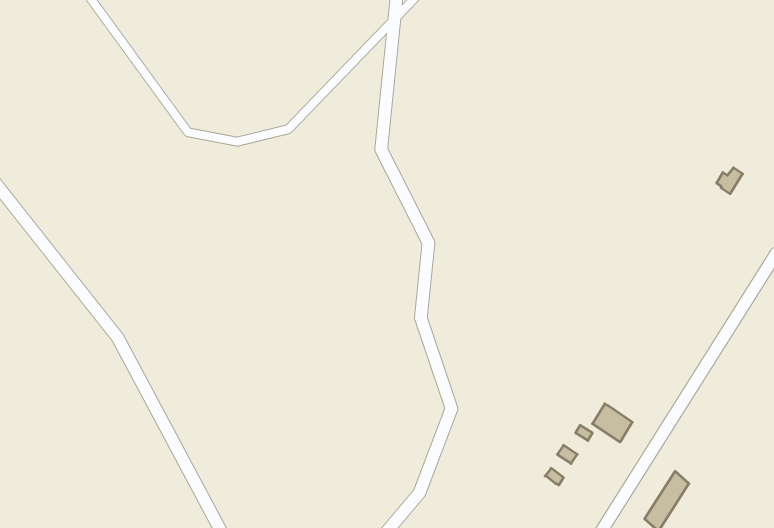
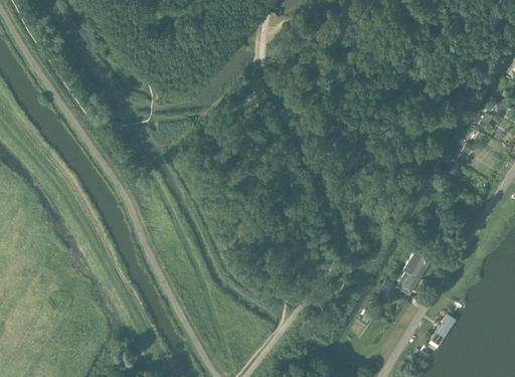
building: none -> [403,249,434,279]

